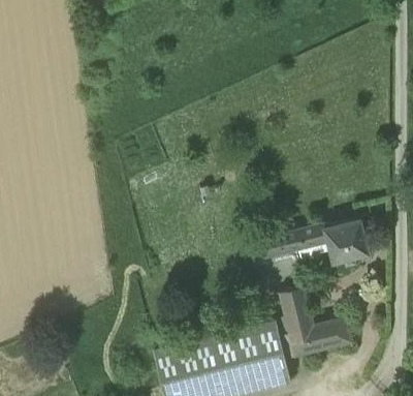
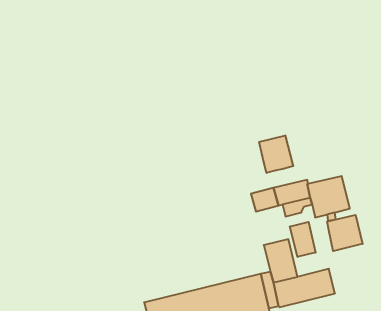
building: none -> [259,135,293,173]
building: none -> [327,215,363,251]
building: none -> [290,222,316,257]

